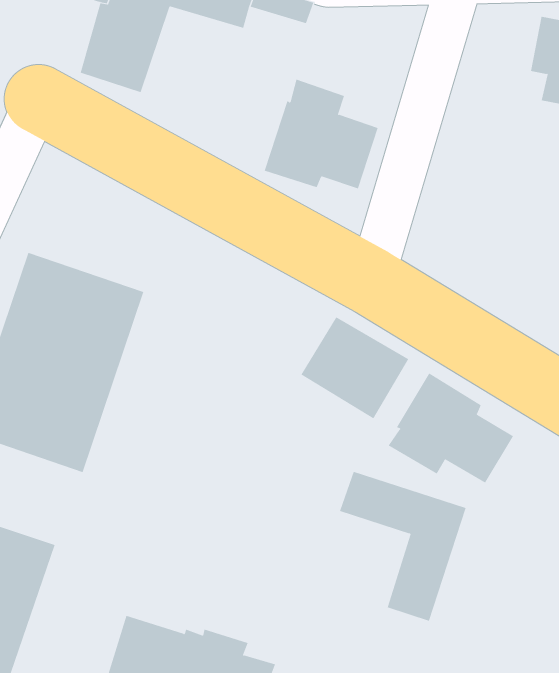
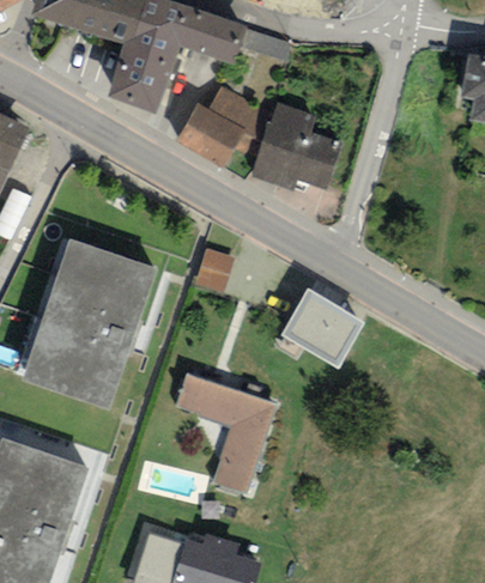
building: none -> [175,87,268,169]
building: none -> [195,249,234,293]
building: [388,373,514,483] -> none
building: [339,471,466,621] -> [176,375,275,492]

